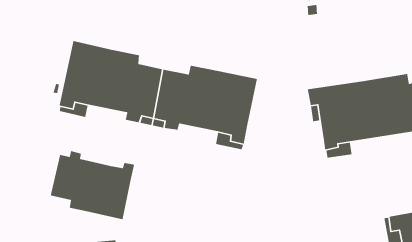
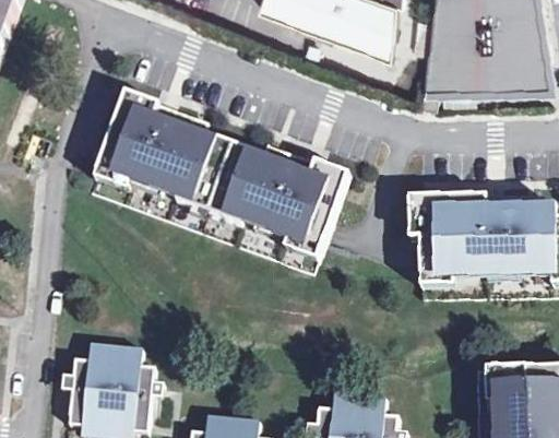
building: [50,150,135,220] -> none

